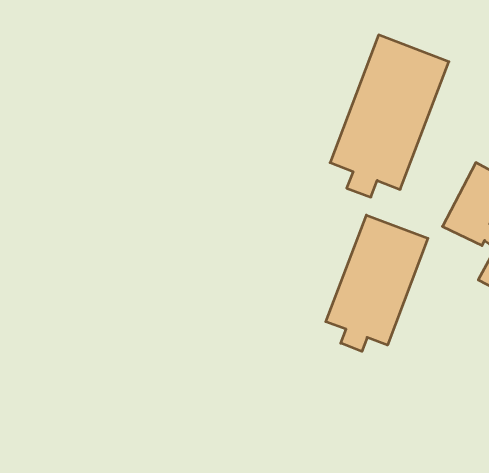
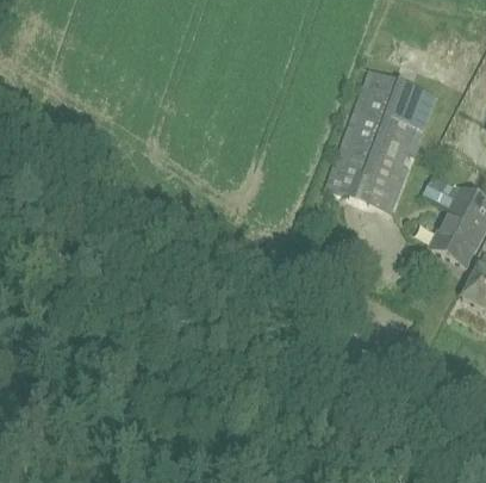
building: [326,215,428,351] -> none

